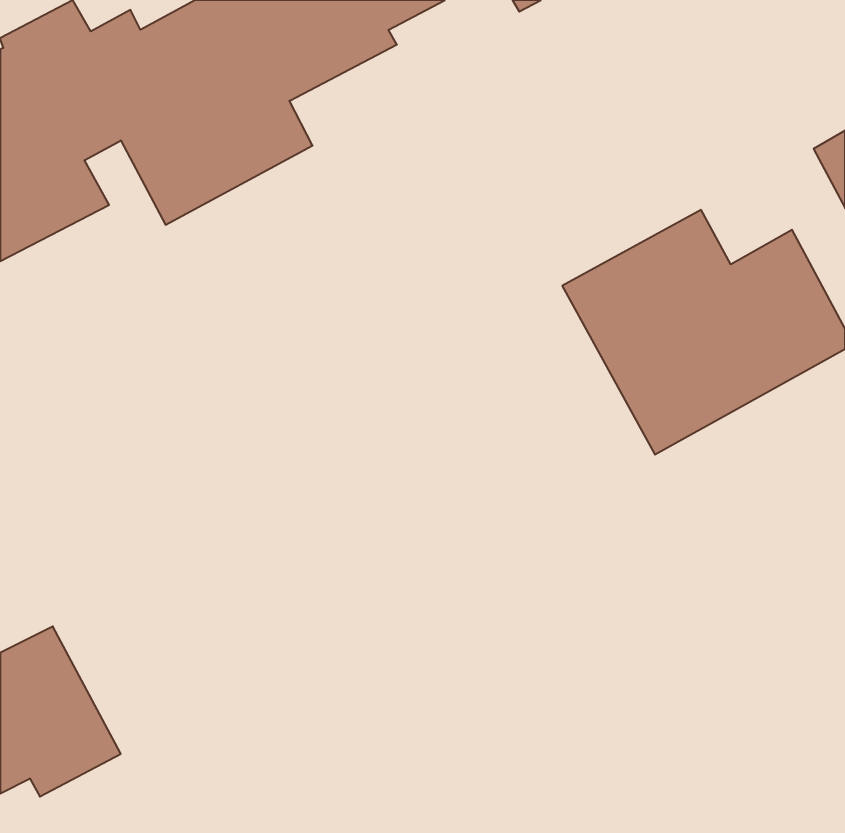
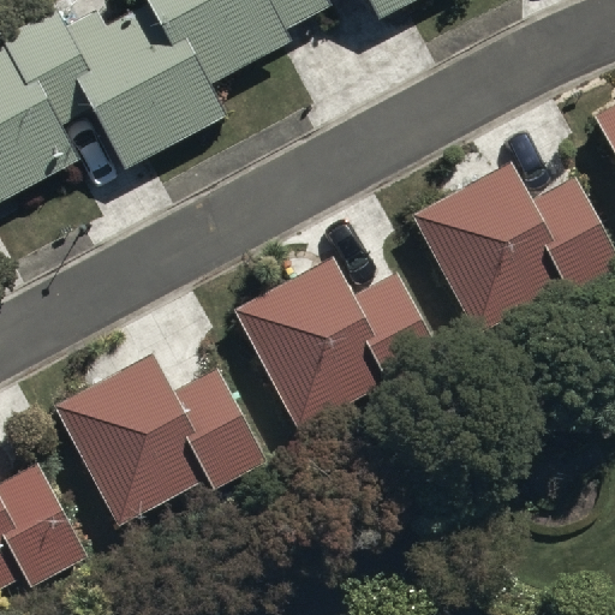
building: none -> [235,258,441,430]
building: none -> [53,352,265,523]

